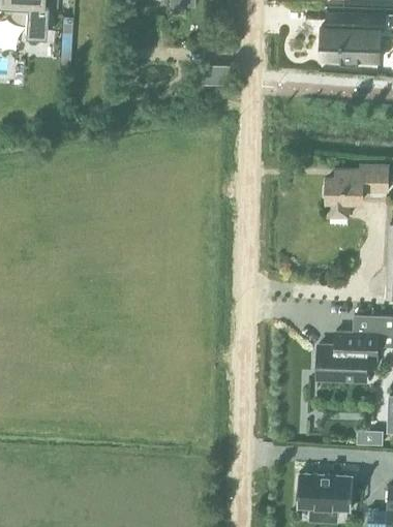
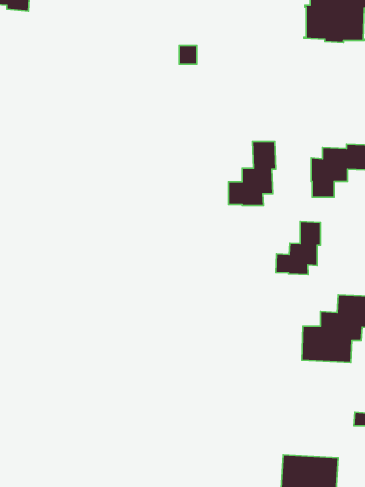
building: none -> [228,141,276,205]
building: none -> [276,222,321,275]

